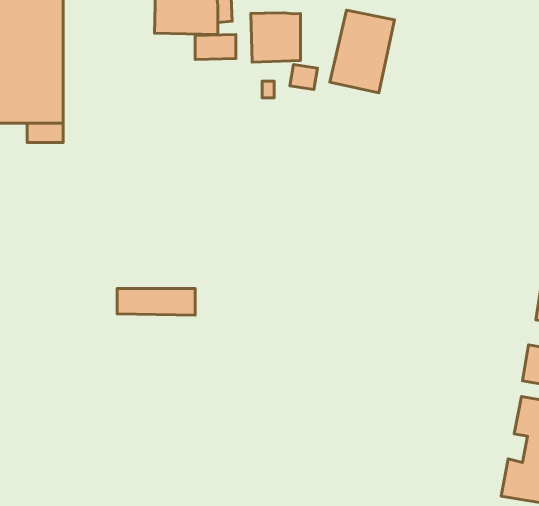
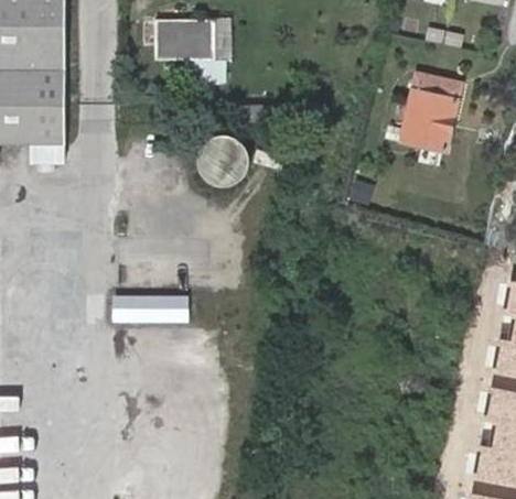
building: [330,10,395,93] -> [398,78,458,154]
building: [251,13,301,62] -> none
building: none -> [202,132,251,182]

